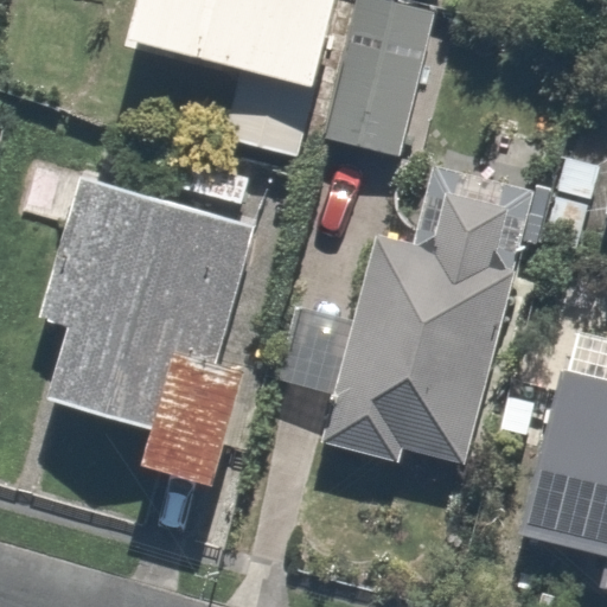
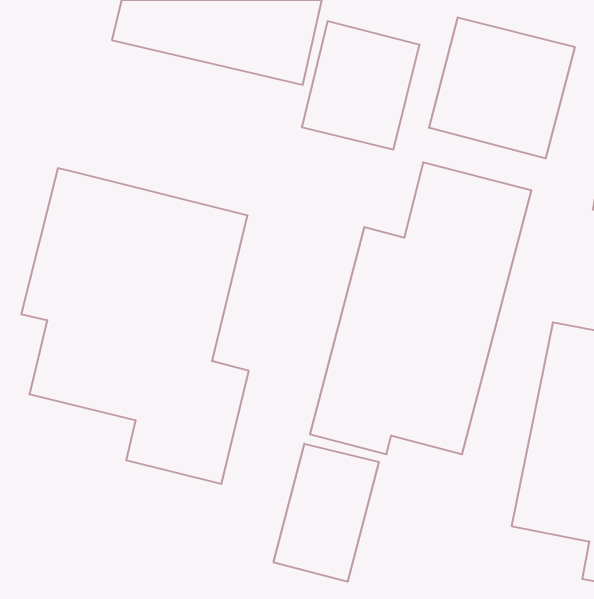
building: none -> [429,17,575,158]
building: none -> [274,444,379,582]

